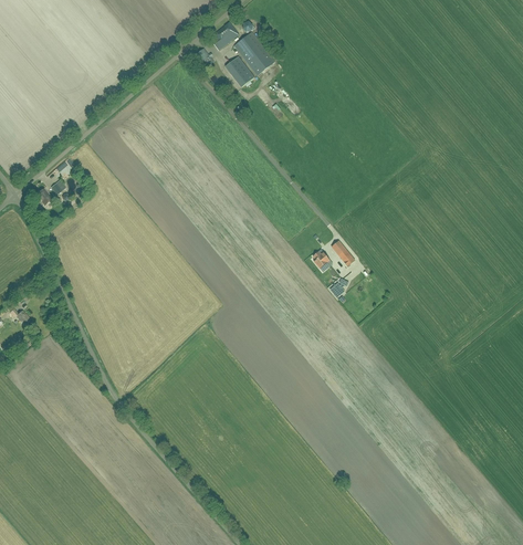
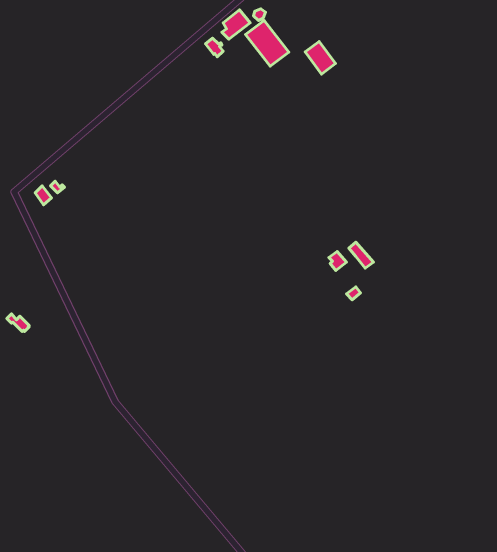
building: [226,56,254,87] -> [305,41,336,74]

